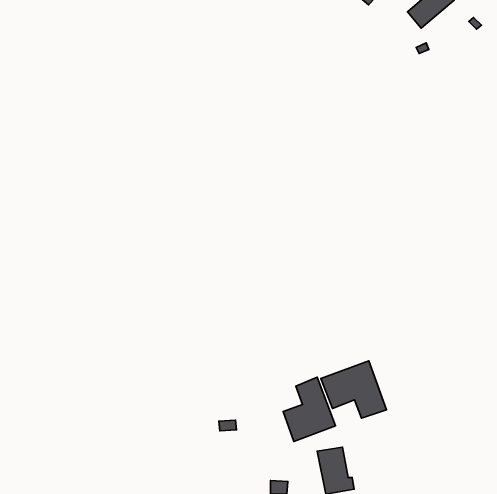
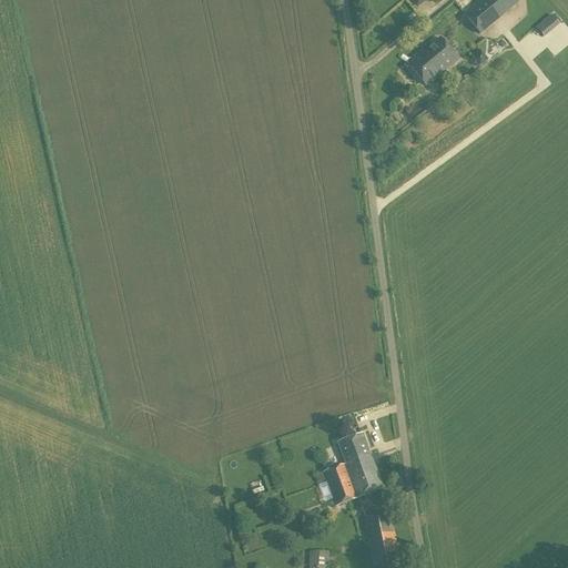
building: none -> [408,36,457,82]
building: [321,361,386,418] -> none

